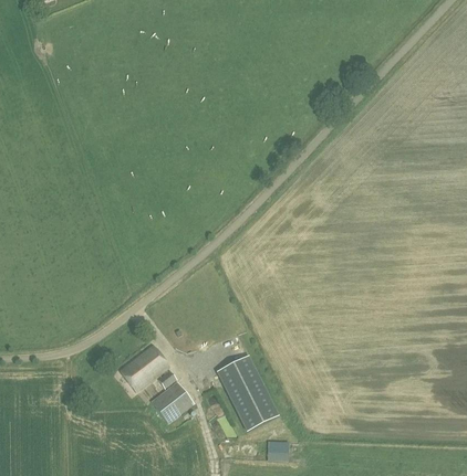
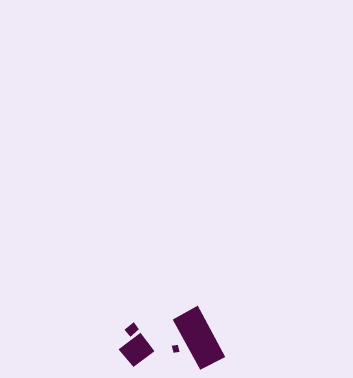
building: [121,345,170,391] -> none

